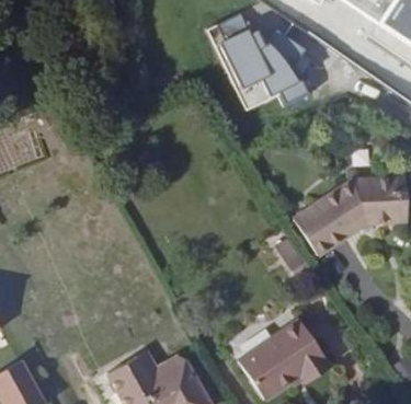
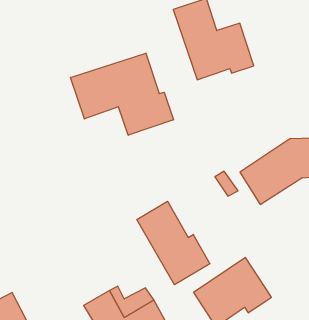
building: none -> [71,53,173,135]
building: none -> [137,201,210,285]

